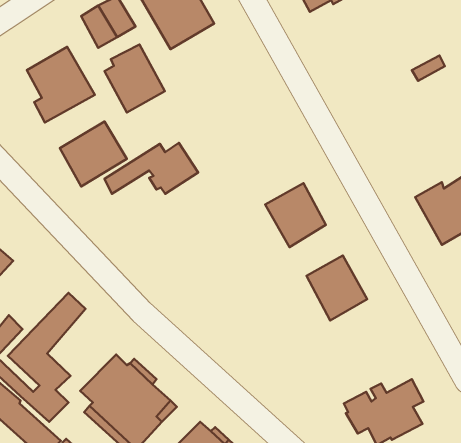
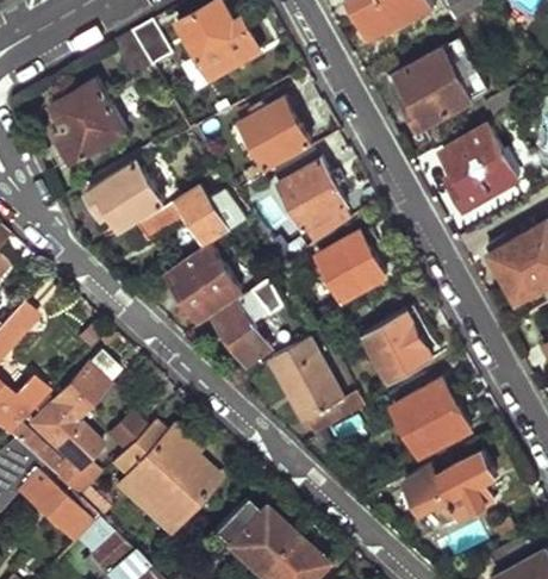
building: none -> [392,37,491,127]
building: [104,44,165,113] -> [242,89,310,166]
building: none -> [442,124,517,210]
building: none -> [280,160,347,229]
building: none -> [172,247,241,316]
building: none -> [213,294,270,367]
building: none -> [269,337,366,435]
building: none -> [398,378,471,453]

